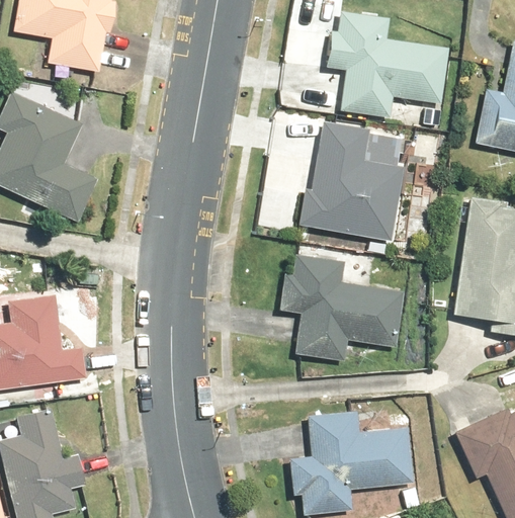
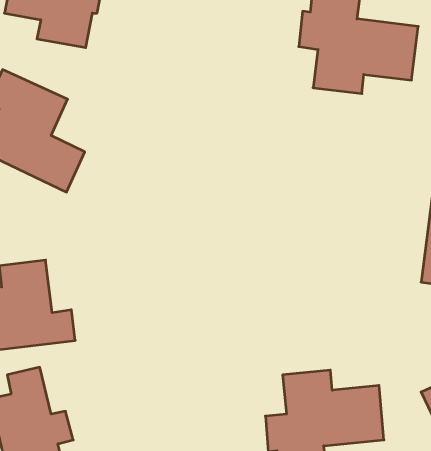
building: [296,120,405,241] -> none
building: [279,254,405,358] -> none

